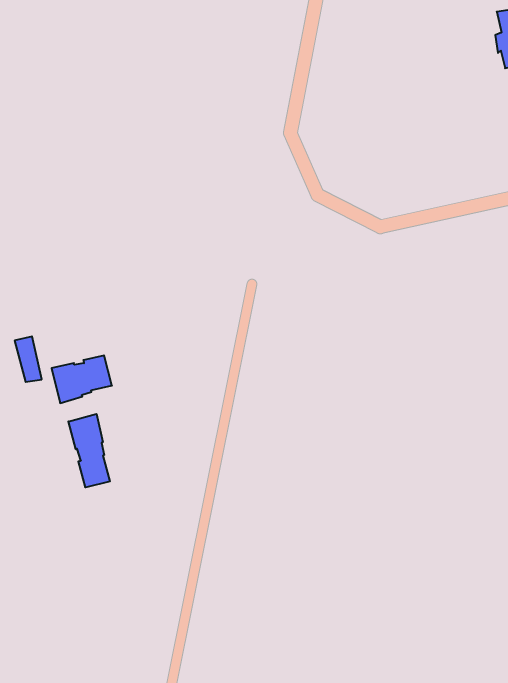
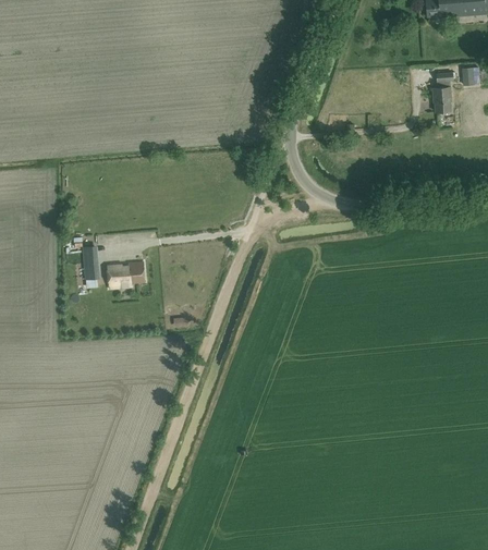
building: [68,414,110,487] -> none

